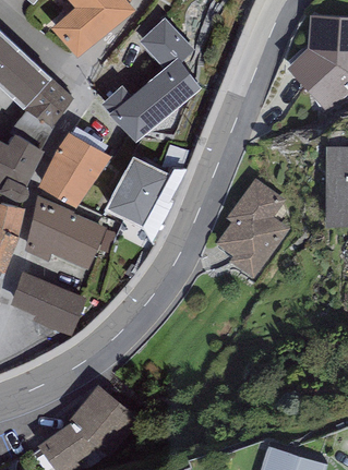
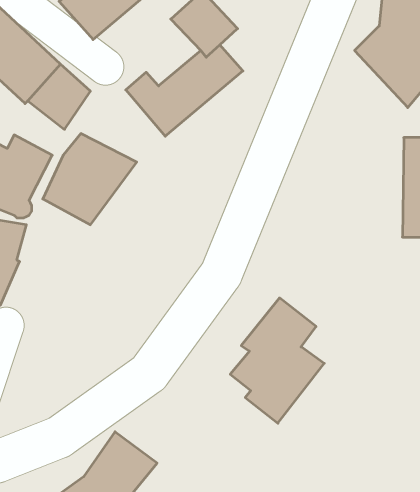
building: [12,111,56,155] -> none
building: [106,161,167,229] -> none
building: [217,172,292,273] -> [230,298,324,423]
building: [25,198,107,273] -> none
building: [10,276,86,338] -> none

